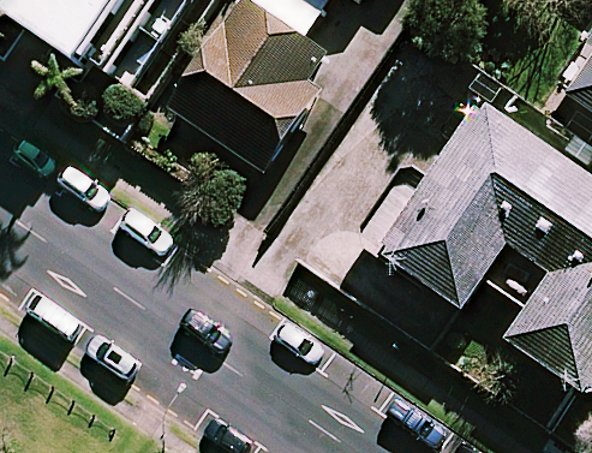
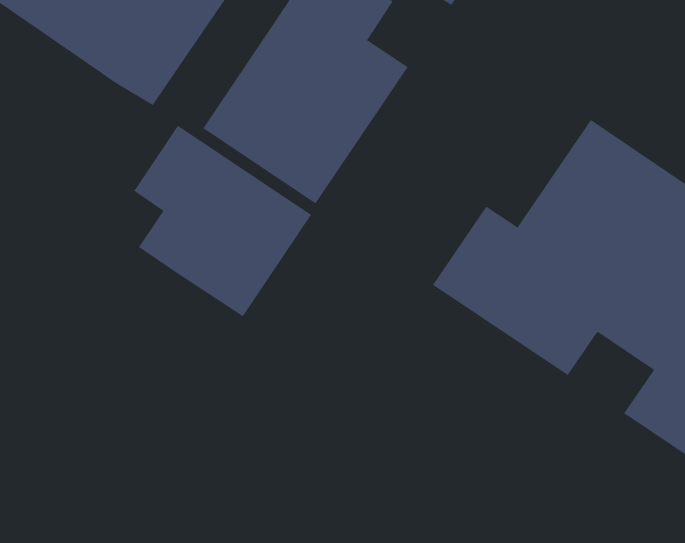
building: none -> [133,125,312,317]

